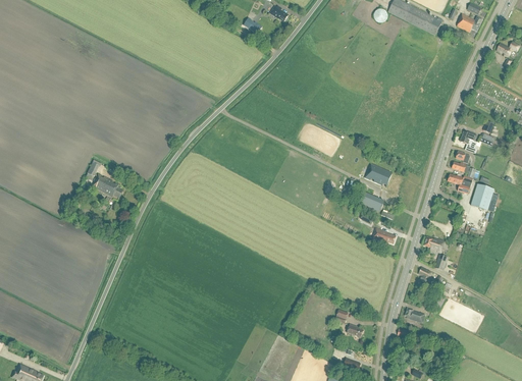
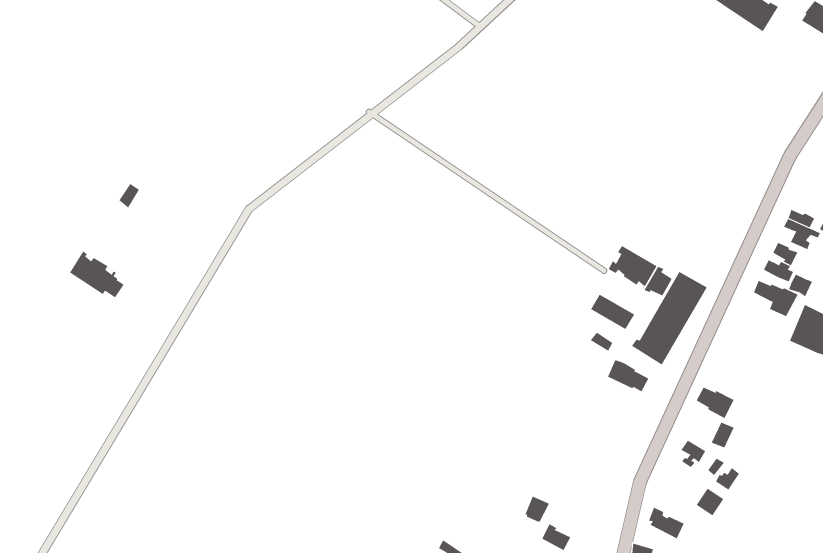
building: [92,173,123,198] -> [69,250,124,298]
building: none -> [631,271,708,365]

